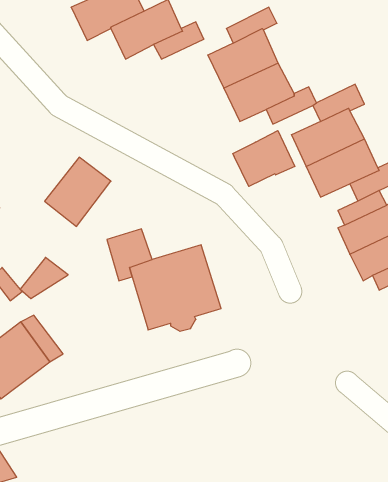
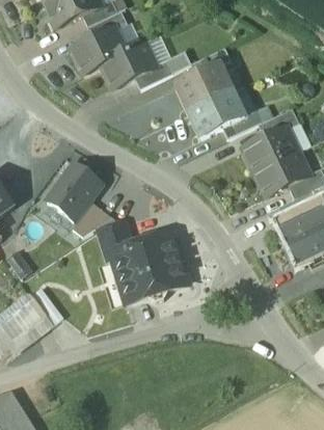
building: [233,131,295,186] -> none
building: [20,257,68,299] -> [73,204,110,236]

